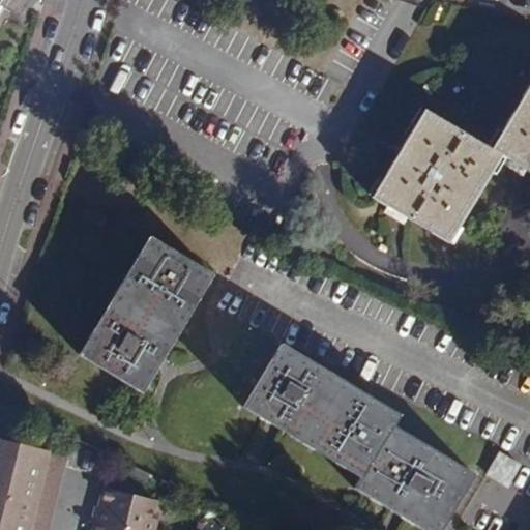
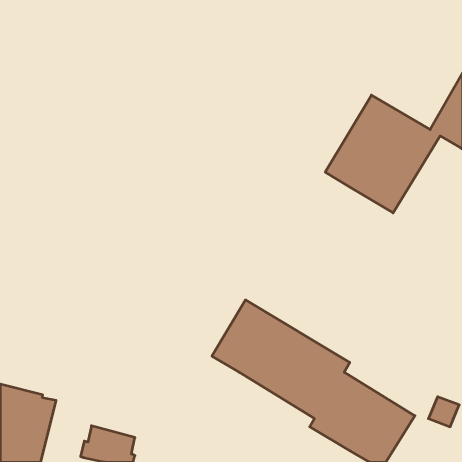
building: [80,237,214,392] -> none

